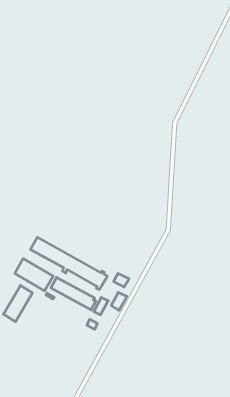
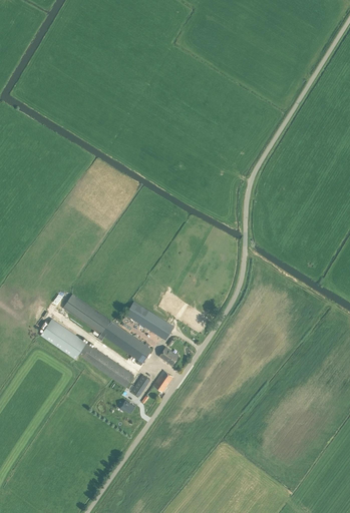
building: none -> [125,302,174,341]
building: [3,285,32,322] -> none

